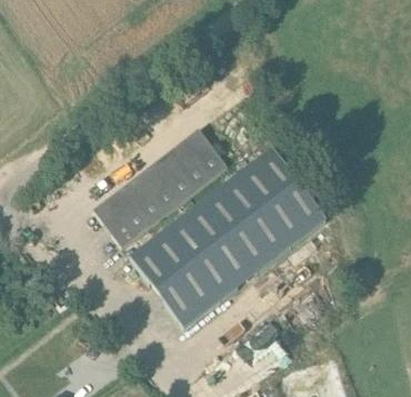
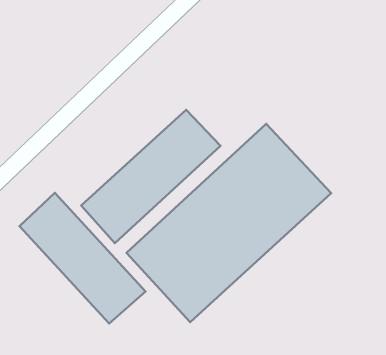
building: none -> [20,193,145,324]

